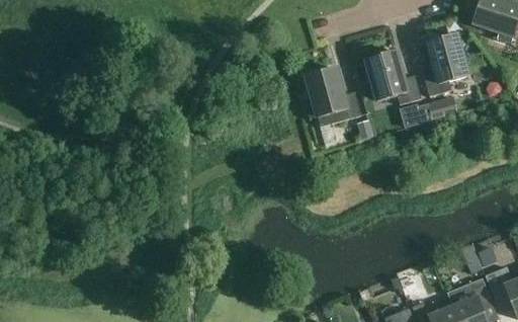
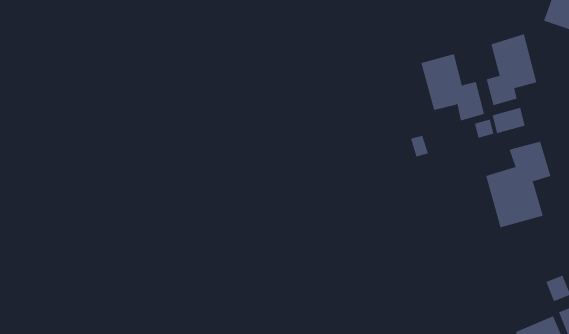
building: [305,67,361,126] -> none
building: none -> [485,141,551,228]

